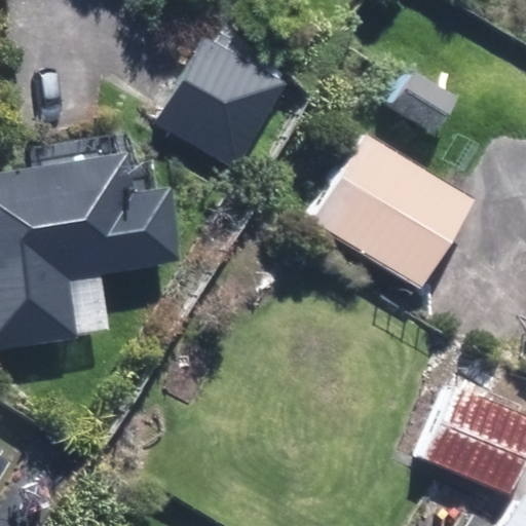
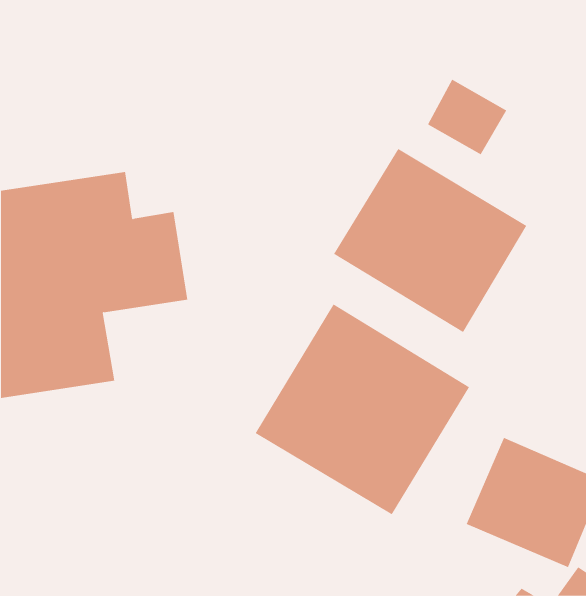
building: [154,39,286,168] -> none
building: none -> [255,304,470,515]

